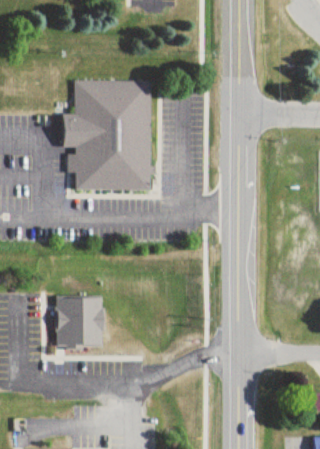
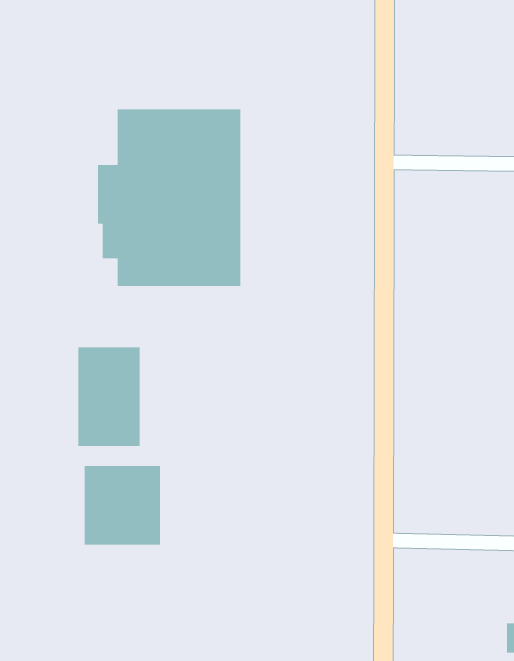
building: none -> [78,346,141,447]

